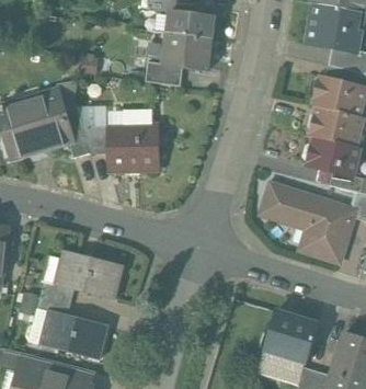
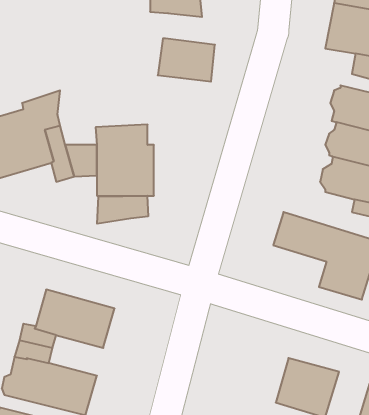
building: [168,12,214,39] -> none
building: [144,64,181,84] -> none
building: none -> [97,196,148,224]

